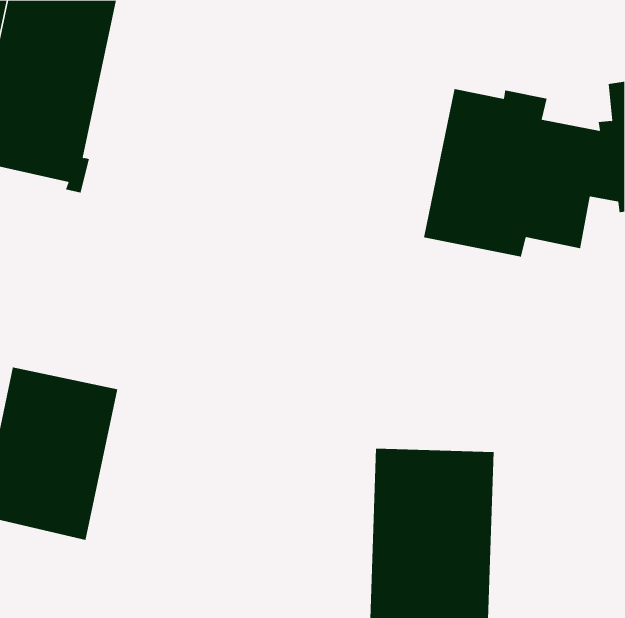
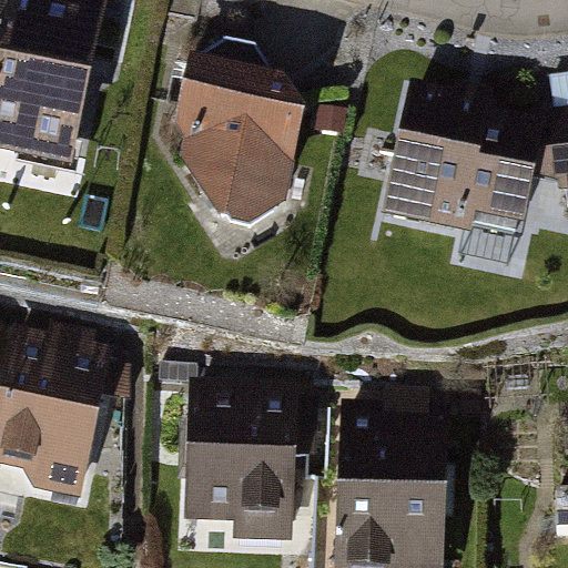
building: none -> [173,49,304,237]
building: none -> [186,399,293,554]

